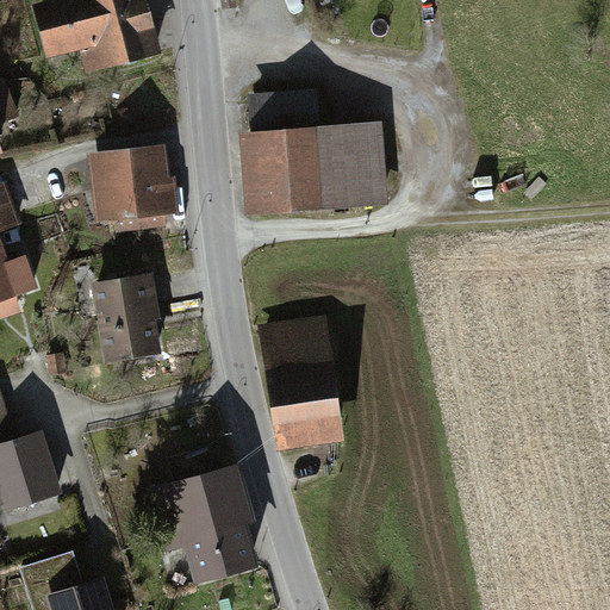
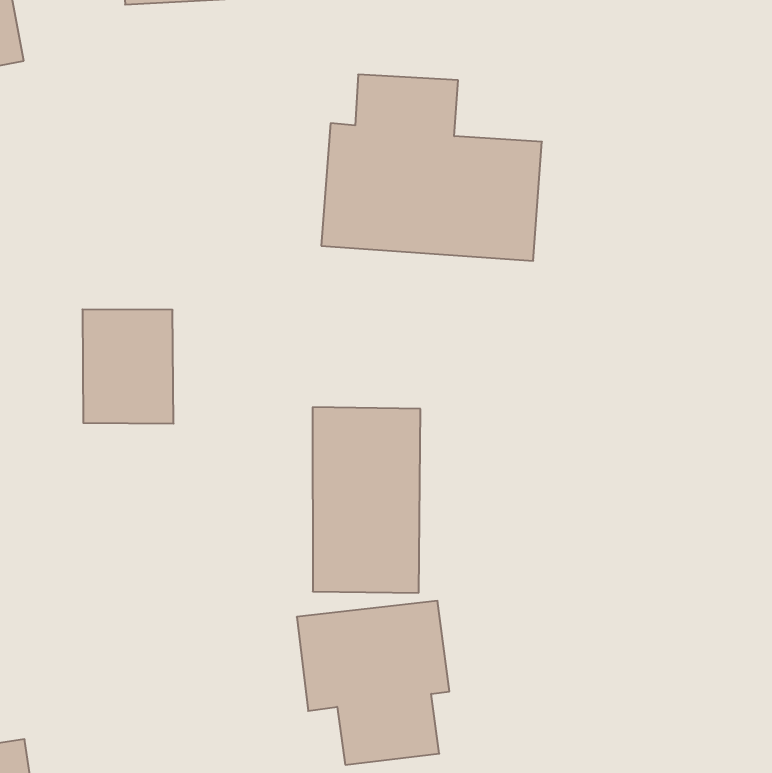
building: [89,147,180,231] -> none
building: [147,460,257,580] -> [297,601,449,765]

